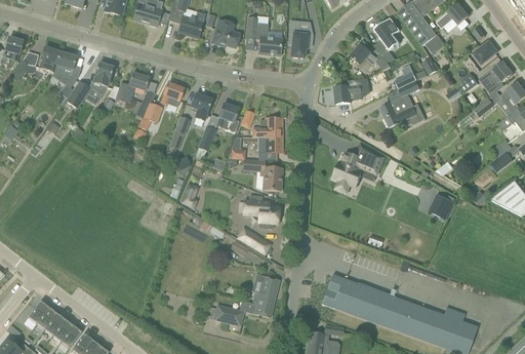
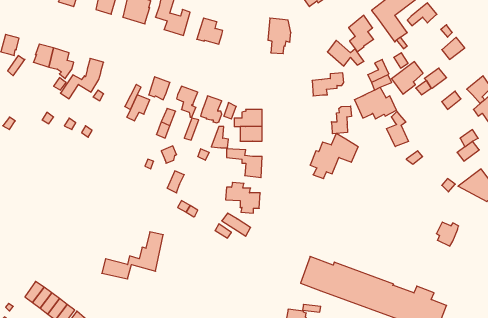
building: [246,14,283,55] -> none
building: [479,61,513,95] -> [391,62,423,94]
building: [116,72,149,102] -> none
building: none -> [331,106,351,134]
building: none -> [387,112,408,147]
building: [432,194,455,220] -> [436,222,459,246]
building: [213,275,279,325] -> [102,232,163,279]

